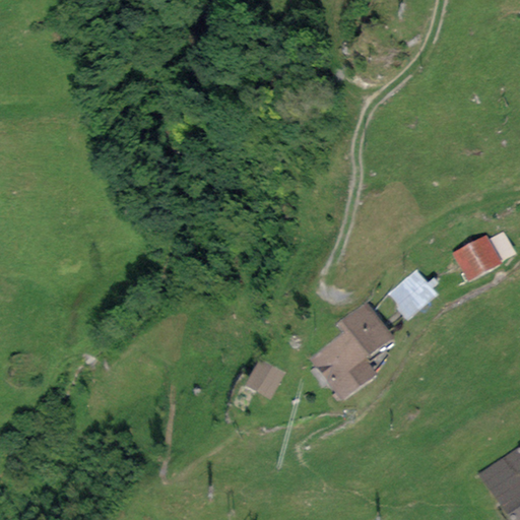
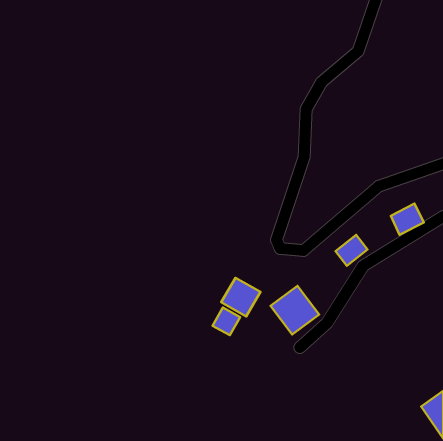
building: [341,307,386,352] -> none
building: none -> [221,278,260,316]

